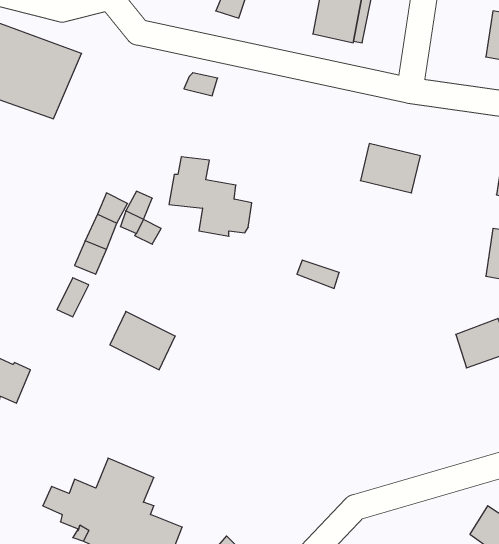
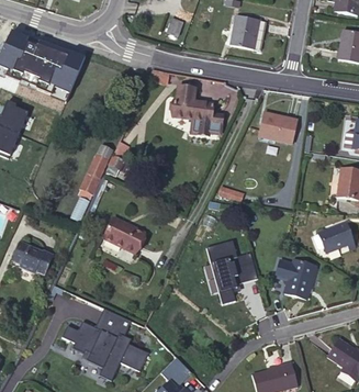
building: [169,157,252,236] -> [171,86,223,135]
building: none -> [206,237,257,303]
building: none -> [274,258,317,298]

